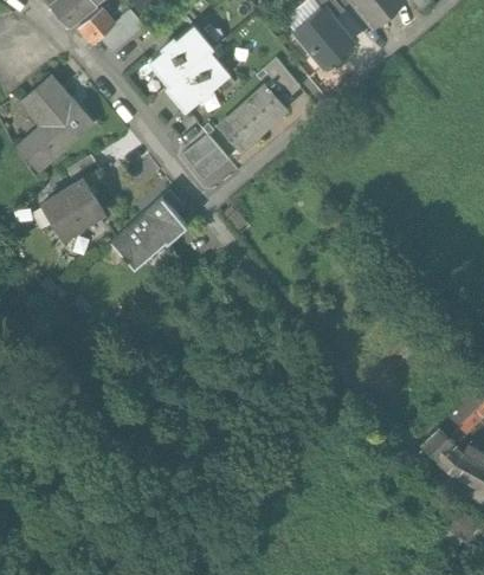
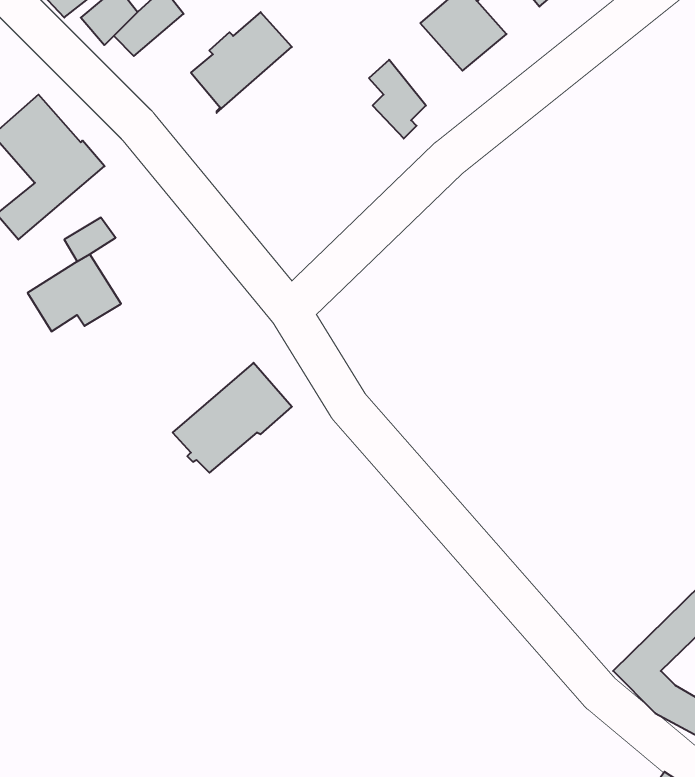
building: [164,47,230,112] -> none
building: [220,85,285,148] -> none
building: [182,134,227,180] -> none
building: [110,198,187,269] -> [173,363,292,473]

